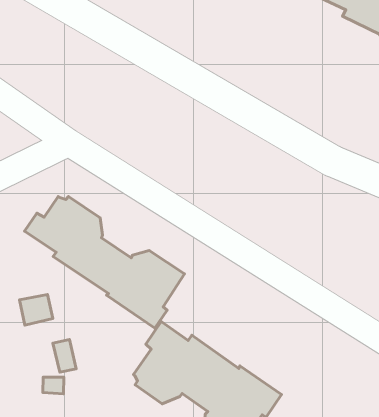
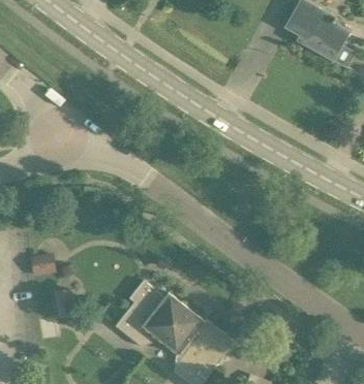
building: [24,197,185,328] -> none

